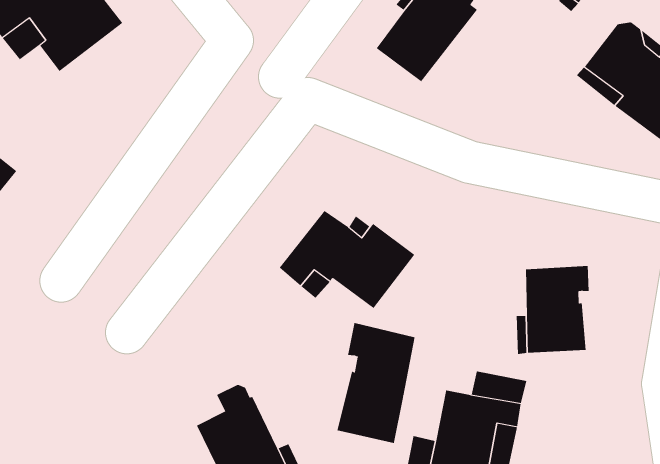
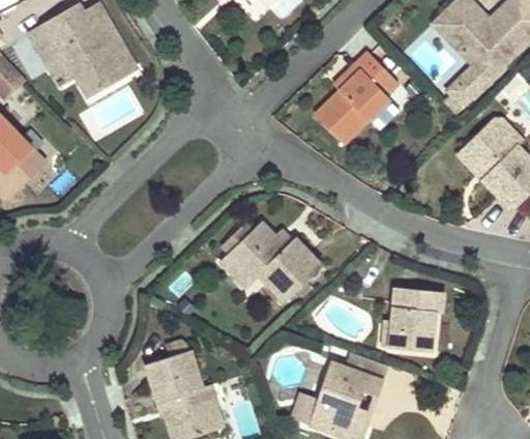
building: [337,322,415,444] -> none

